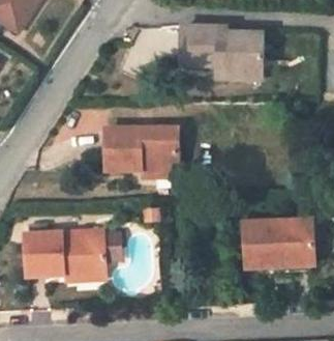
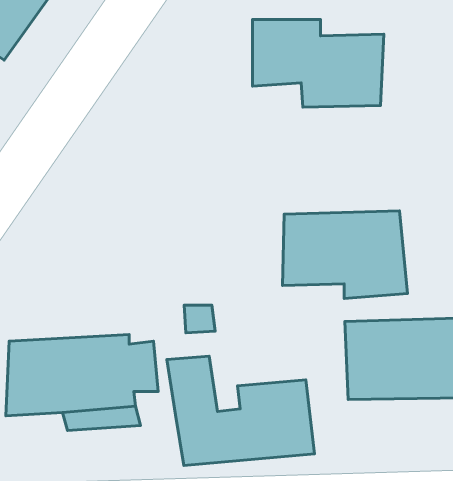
building: [101,121,181,177] -> [283,211,408,298]
building: none -> [167,356,314,465]

